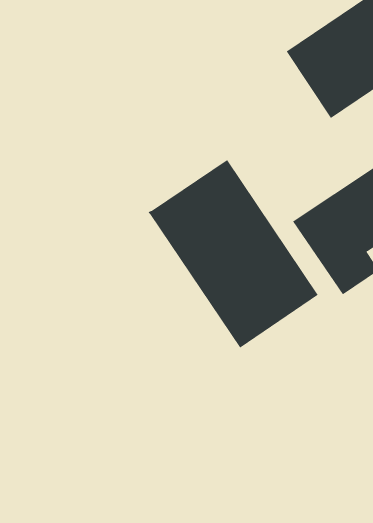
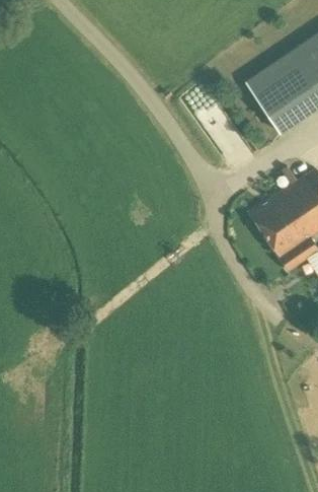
building: [147,159,319,349] -> none

